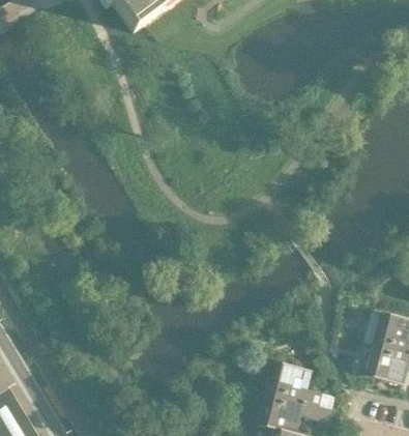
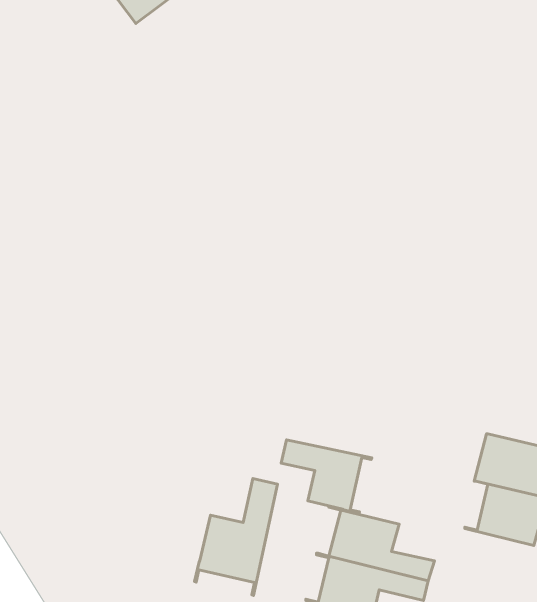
building: none -> [281,440,372,513]
building: none -> [195,478,278,595]

